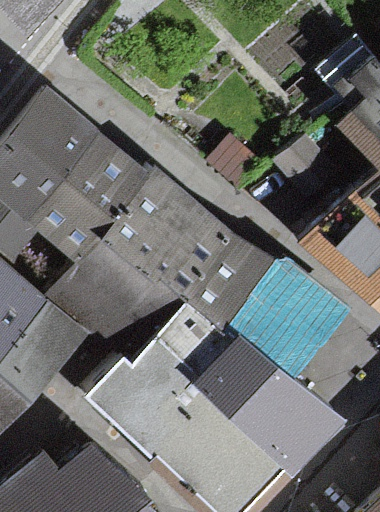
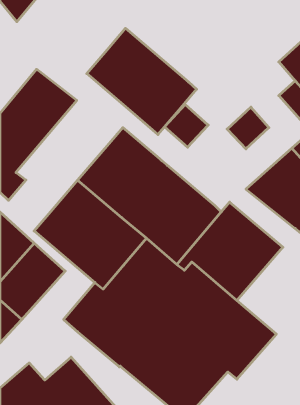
building: none -> [87,28,197,135]
building: [20,129,143,259] -> none

